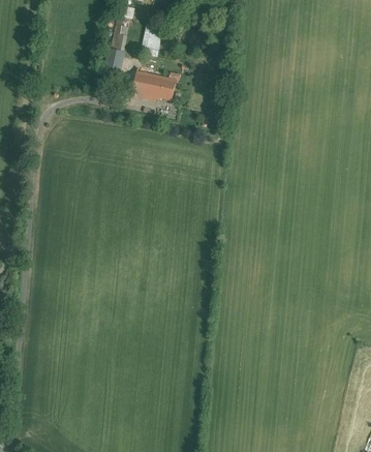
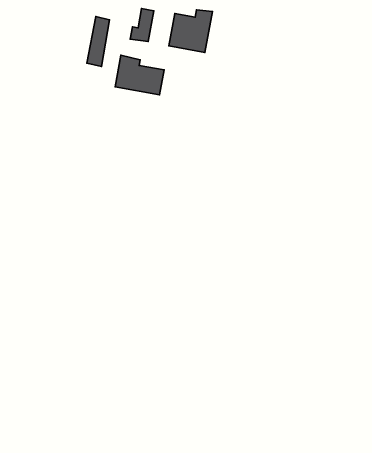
building: none -> [169,10,213,52]

